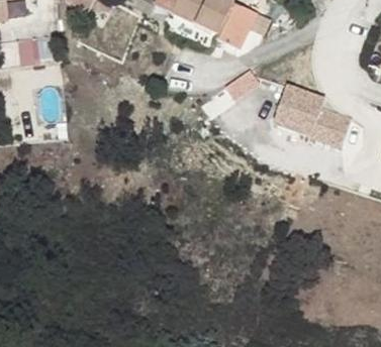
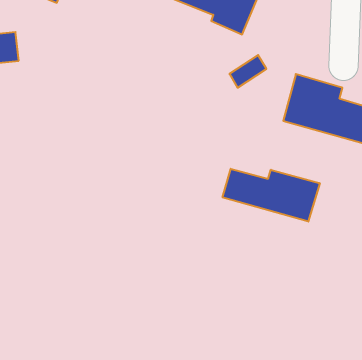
building: none -> [223,169,320,222]

